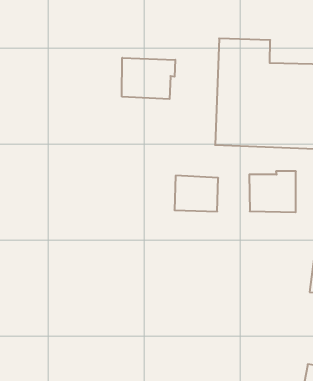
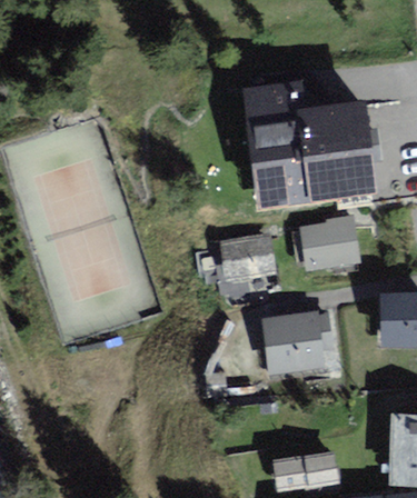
building: [122,58,175,99] -> none
building: none -> [266,316,330,371]

